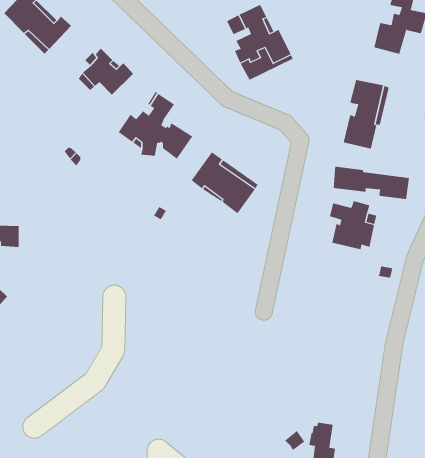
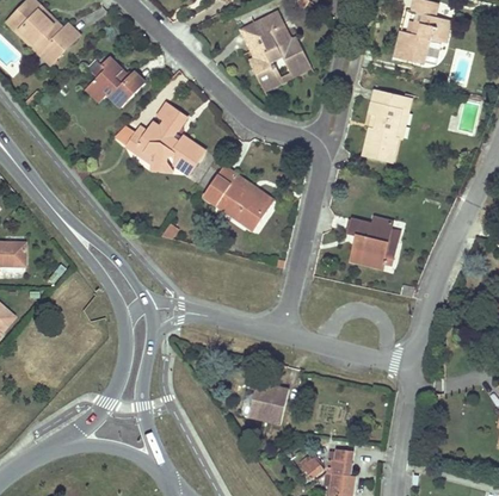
building: [333,166,409,200] -> none
building: none -> [248,383,288,424]

